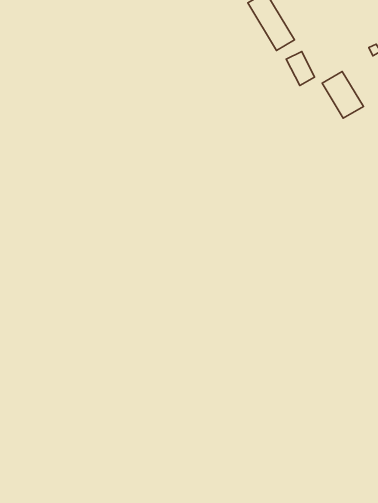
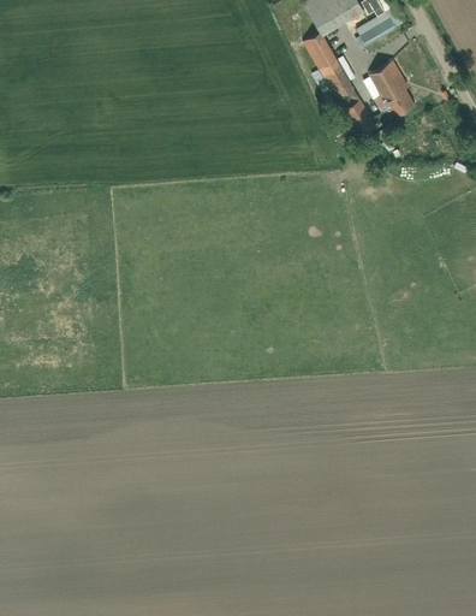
building: [322,71,363,118] -> [369,61,416,114]

